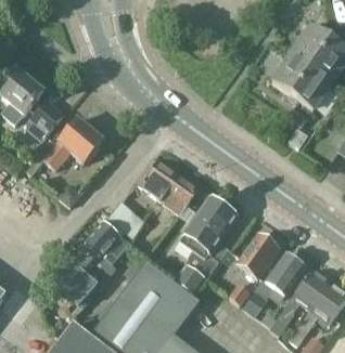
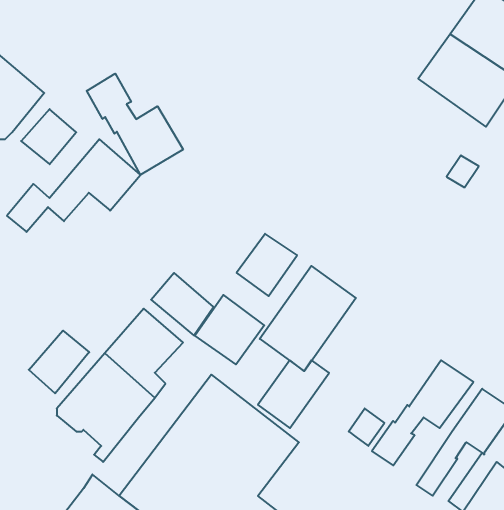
building: none -> [87,74,183,175]
building: [135,156,177,198] -> [195,295,264,364]
building: [237,231,278,276] -> none
building: none -> [29,331,89,393]

